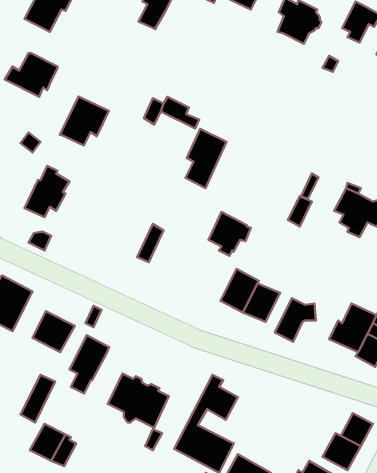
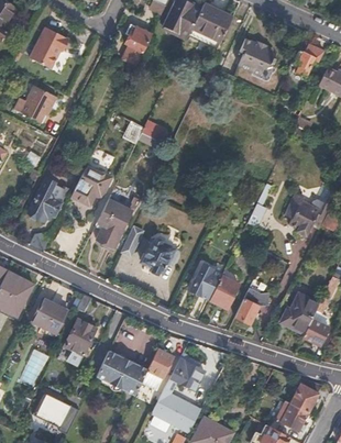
building: [60,96,109,145] -> [70,165,111,206]
building: [186,129,227,188] -> [96,199,130,248]
building: [208,212,251,256] -> [141,239,176,275]
building: none -> [142,348,174,389]

